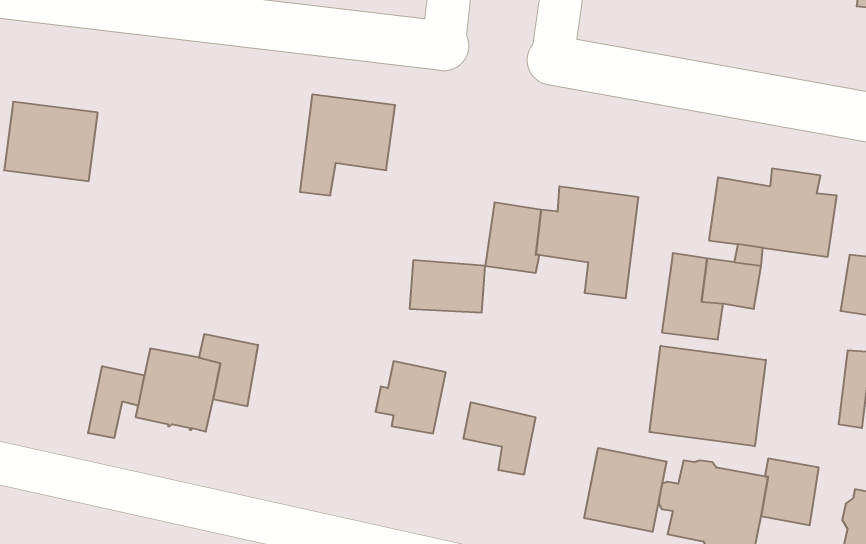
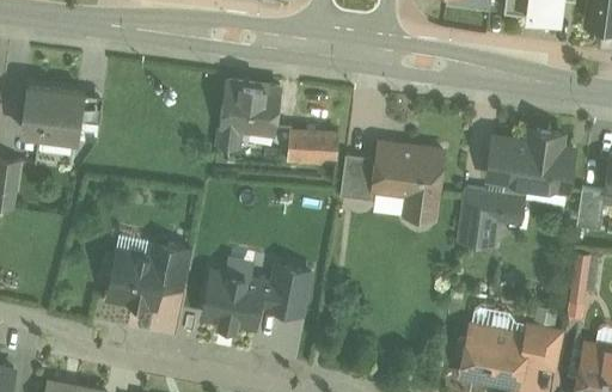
building: [410,260,485,313] -> [287,131,337,166]
building: [649,346,766,446] -> none
building: [88,366,144,438] -> none
building: none -> [207,267,270,325]
building: [464,402,536,475] -> none
building: [584,448,666,532] -> none

